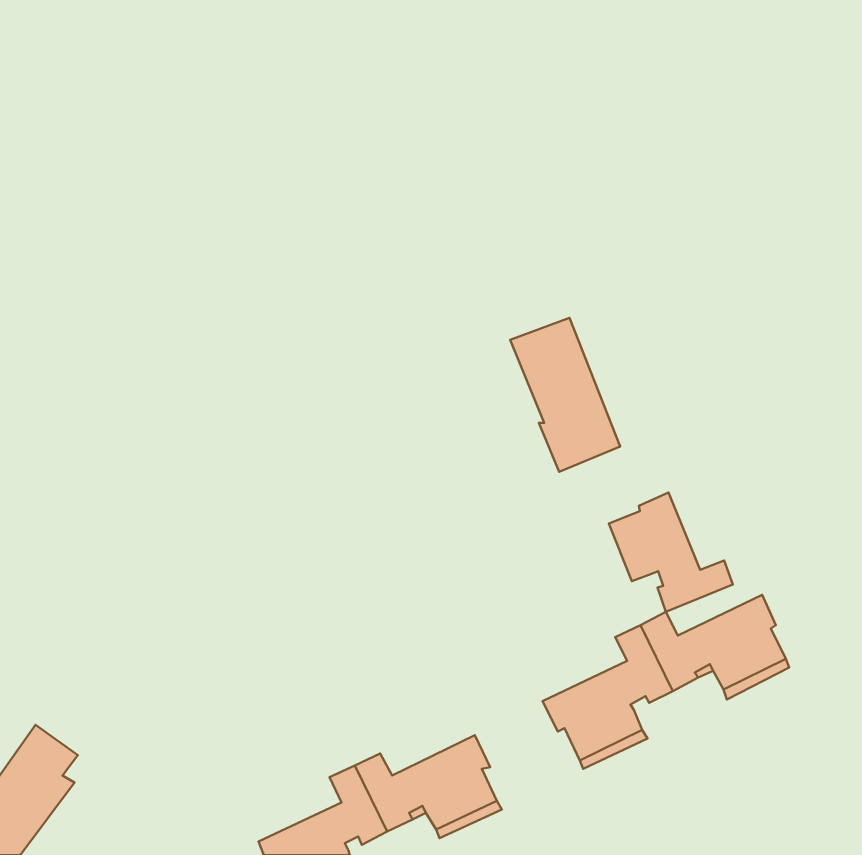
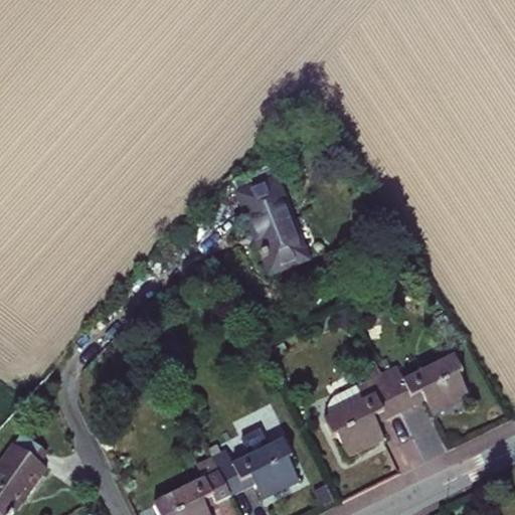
building: [510,318,620,472] -> [239,180,305,272]
building: [609,493,733,612] -> none

